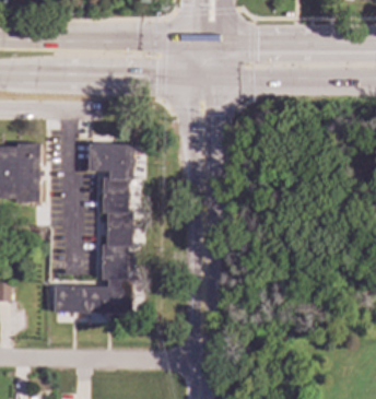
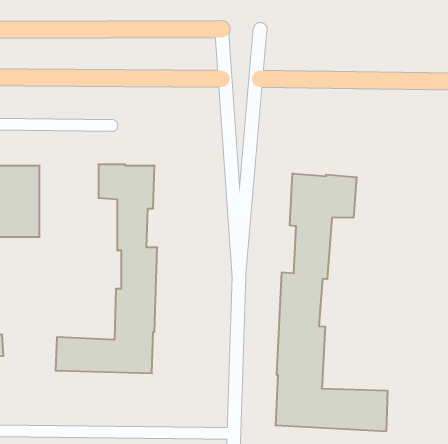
building: none -> [276,173,388,431]

